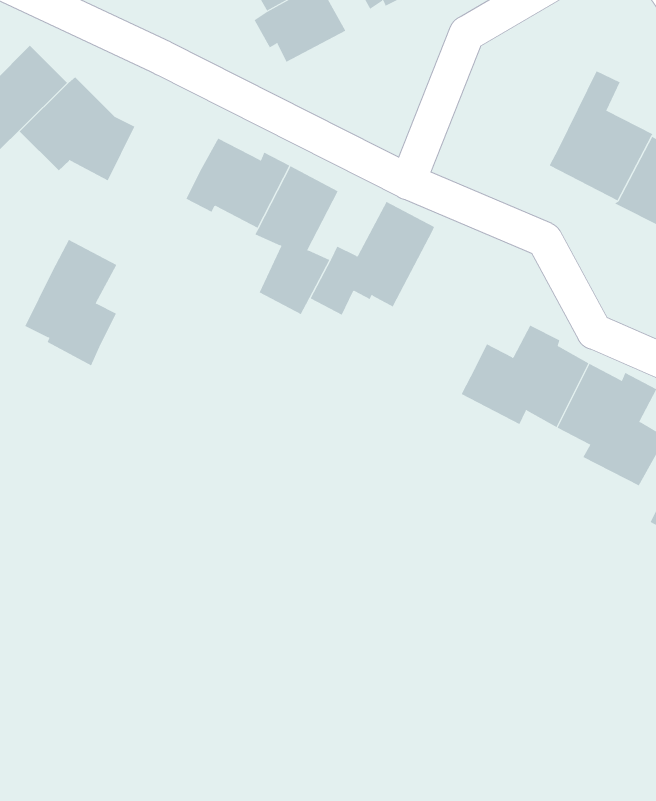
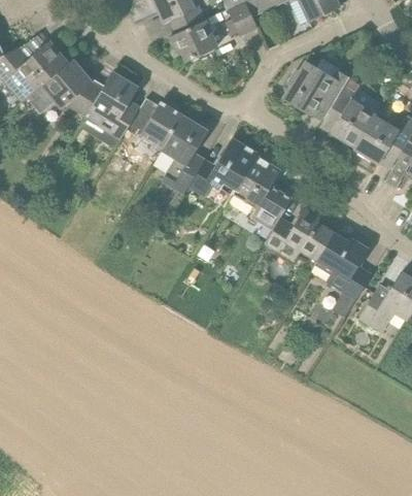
building: none -> [284,61,349,117]
building: none -> [233,155,285,229]
building: [24,239,117,366] -> [87,71,138,139]

